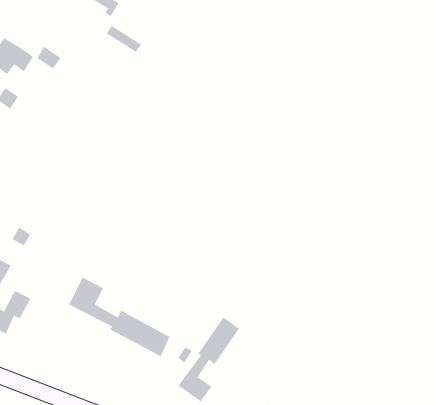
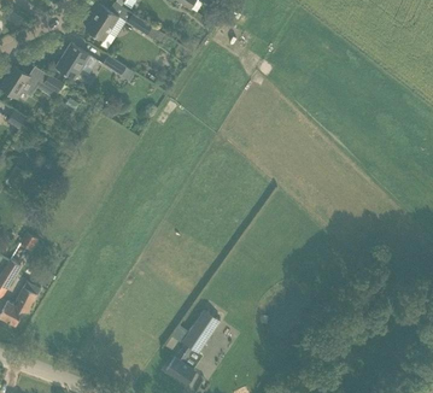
building: none -> [54,42,90,80]
building: [68,277,170,357] -> none

